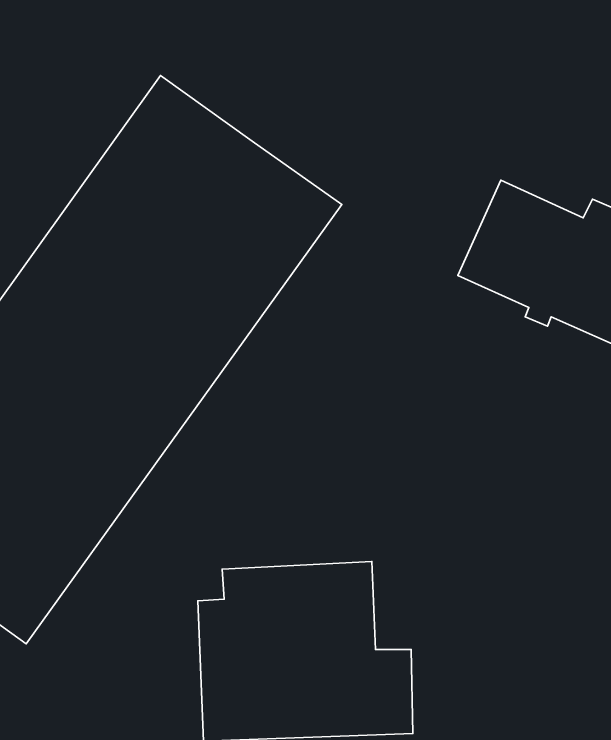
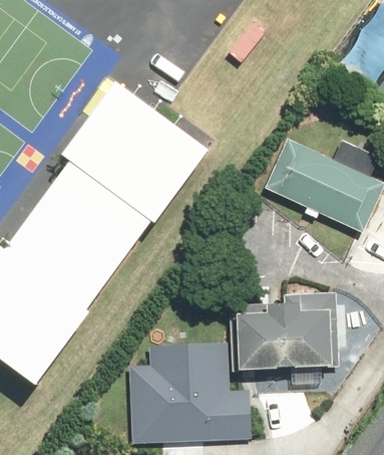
building: none -> [230,290,342,370]

